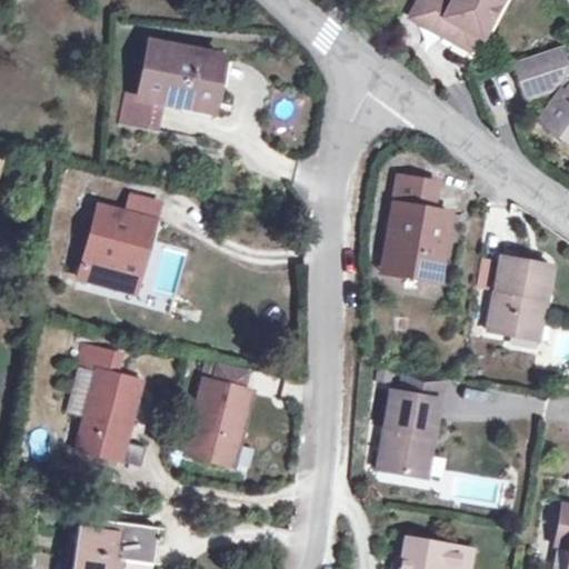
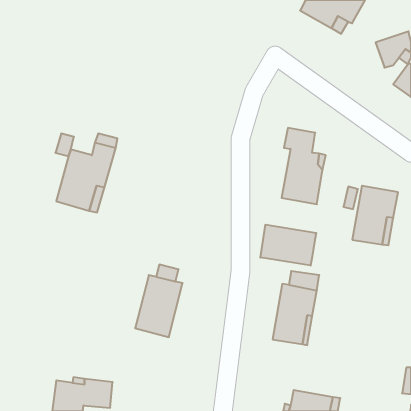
building: [120,42,218,130] -> none
building: none -> [260,225,316,266]
building: [69,346,141,462] -> none

